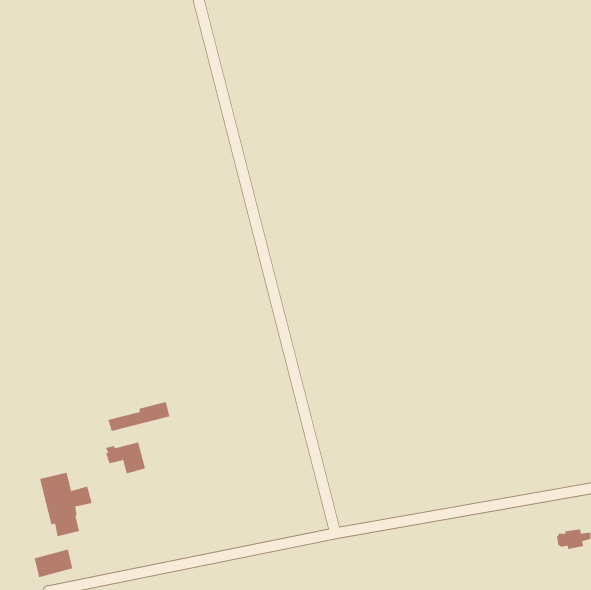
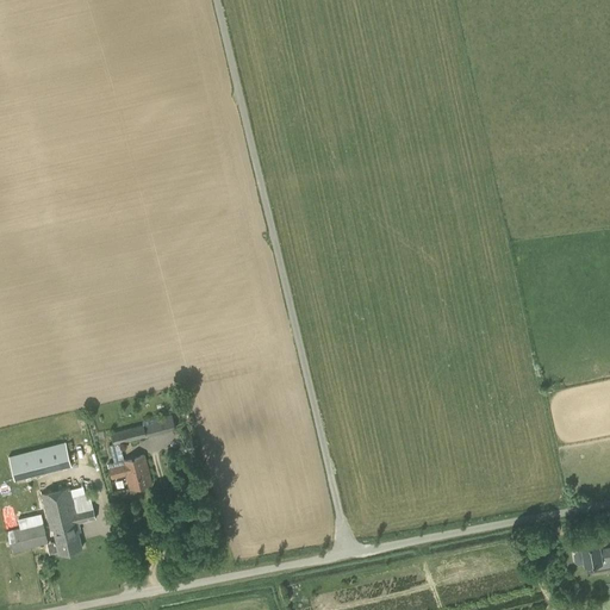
building: none -> [8,443,71,481]
building: [34,549,73,578] -> [7,523,48,553]

